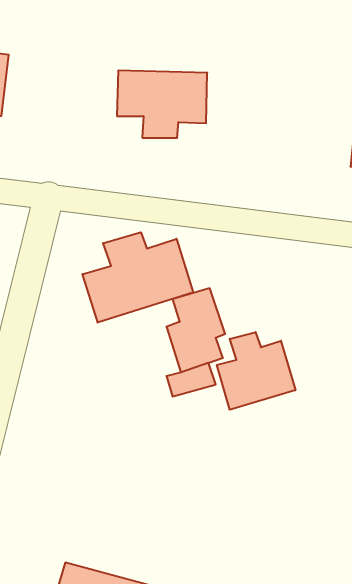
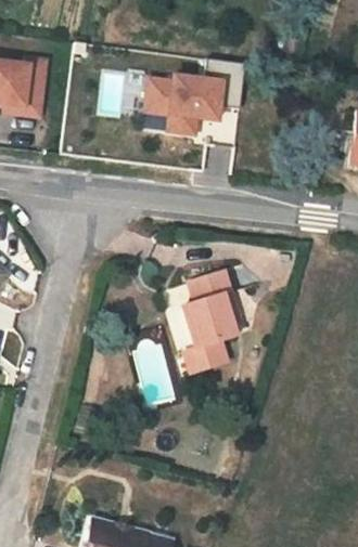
building: [82,232,193,323] -> none
building: [217,332,295,410] -> none

